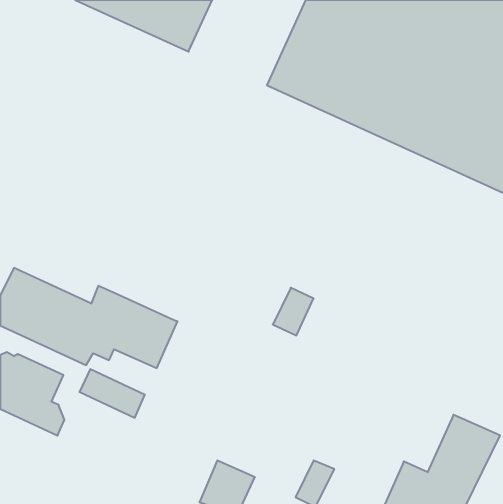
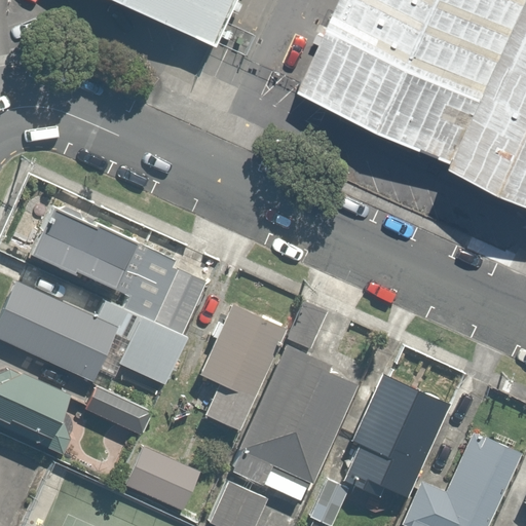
building: none -> [30,204,209,335]
building: none -> [200,303,287,429]
building: none -> [232,343,358,500]
building: none -> [342,372,451,497]
building: none -> [126,446,202,511]

